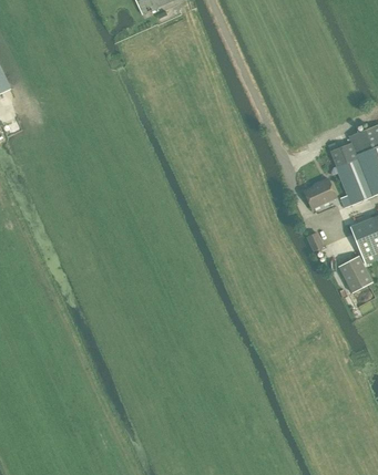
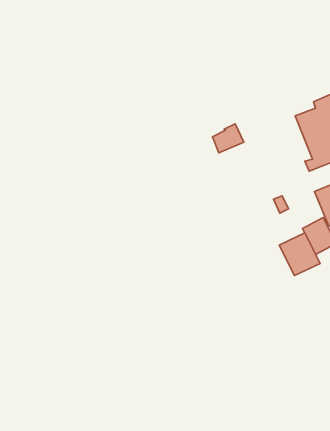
building: [305,178,337,208] -> [212,124,244,153]
building: none -> [279,233,320,276]

